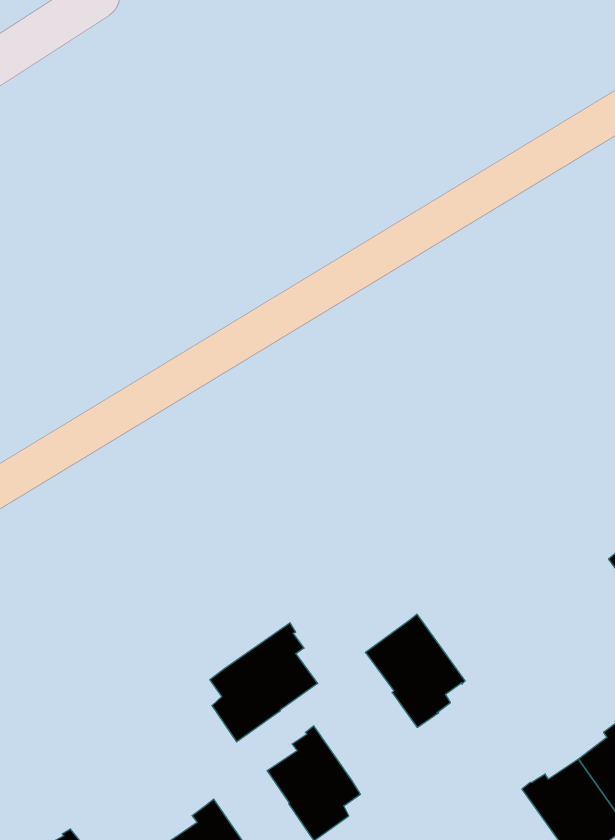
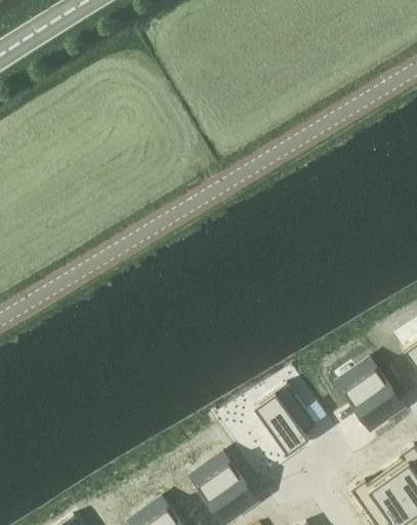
building: none -> [340,358,399,429]
building: [210,623,318,742] -> none

